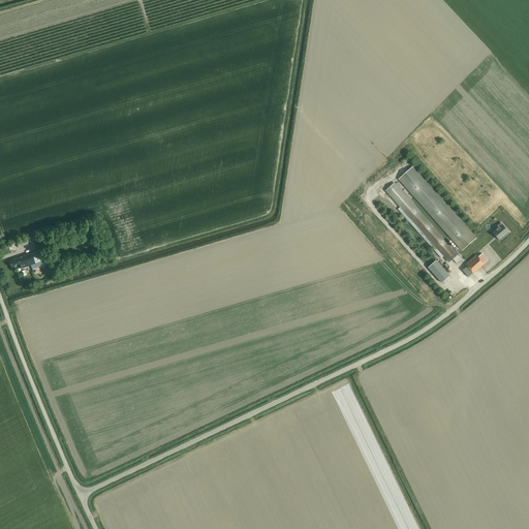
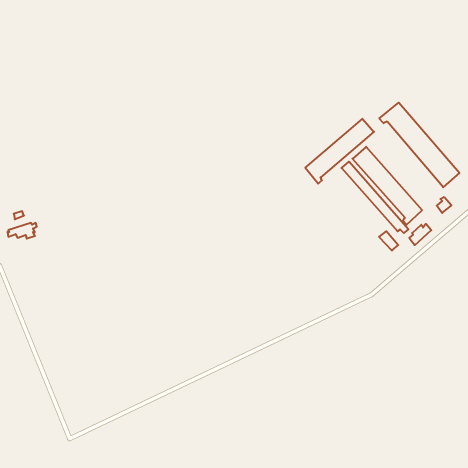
building: none -> [379,103,459,187]
building: none -> [305,119,374,184]

